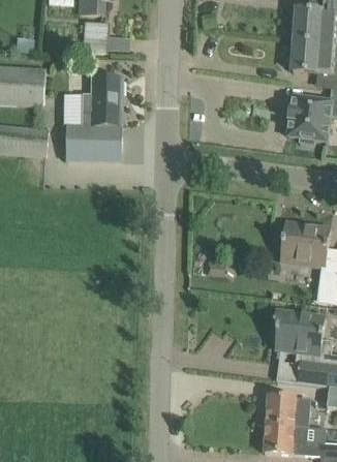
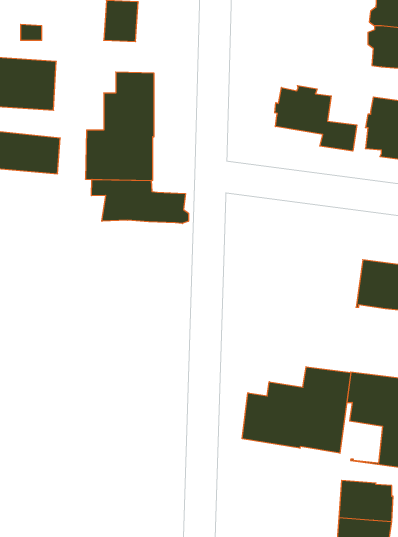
building: none -> [275,86,357,151]
building: none -> [92,179,189,224]
building: none -> [242,367,351,453]

